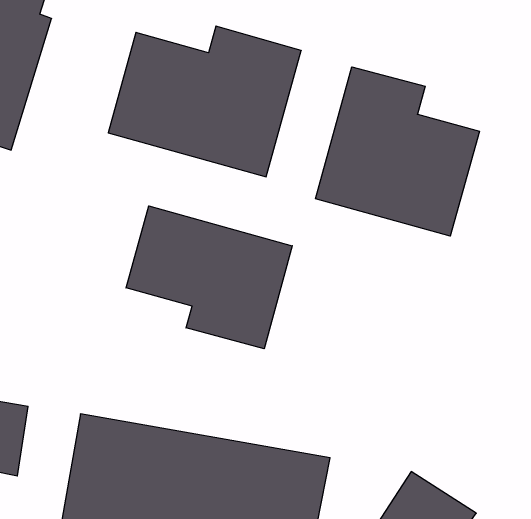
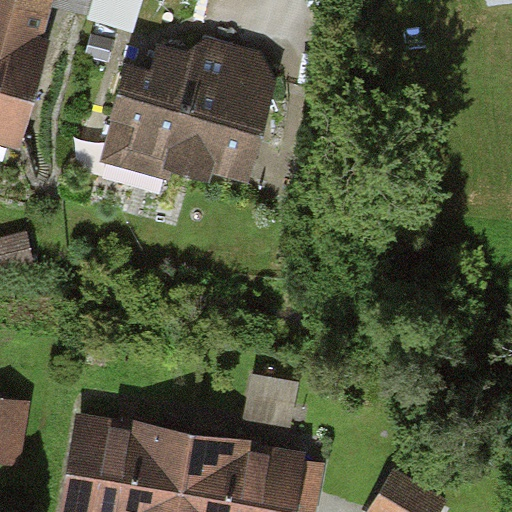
building: [316,67,479,236] -> none
building: [126,206,292,349] -> none

